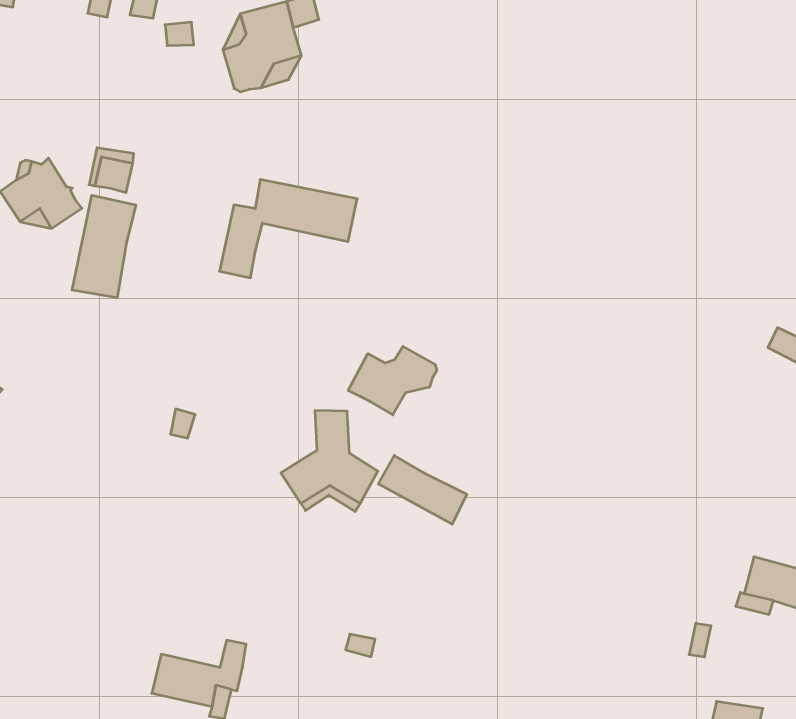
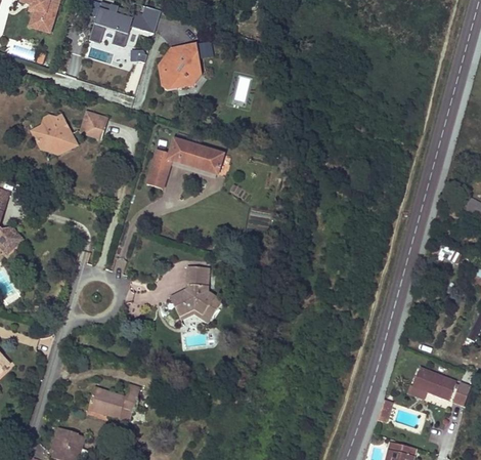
building: [72,195,136,298] -> none
building: [348,346,437,415] -> none
building: [378,455,467,524] -> none

